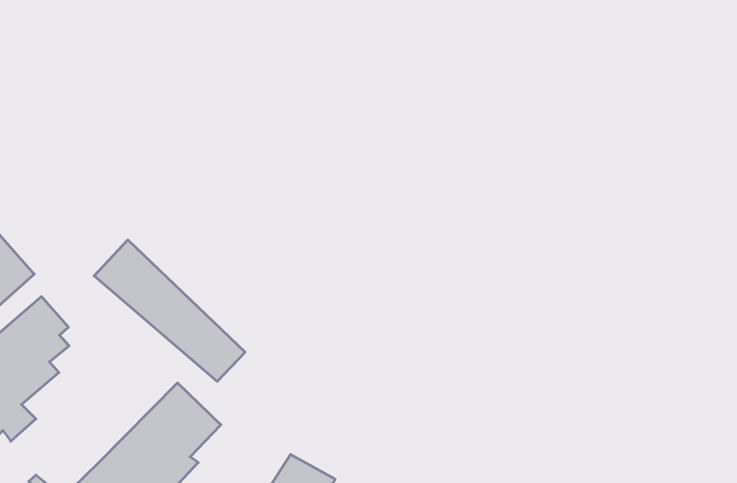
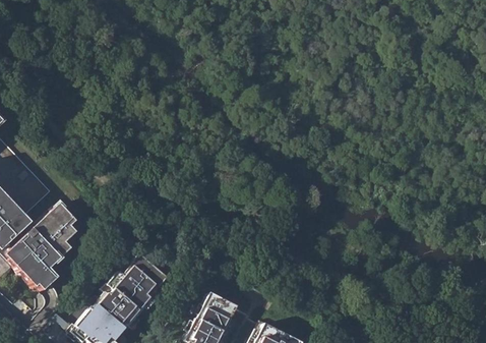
building: [94,240,245,381] -> none

